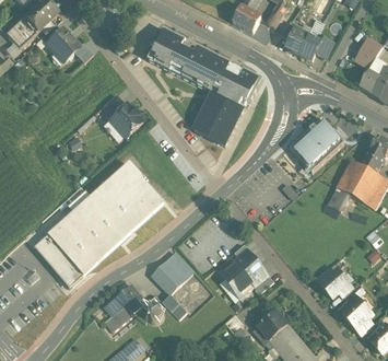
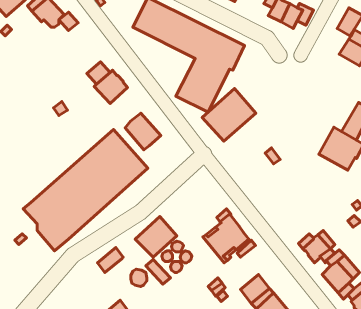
building: [289,117,343,171] -> [202,88,256,141]
building: none -> [125,113,161,150]
building: [103,294,144,330] -> none

